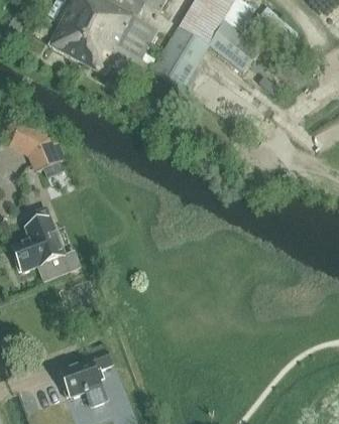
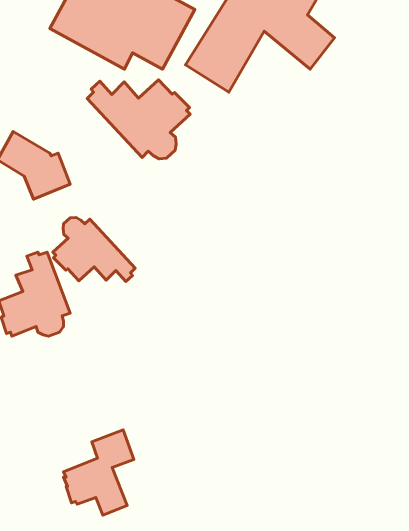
building: none -> [87,80,190,159]
building: none -> [53,217,135,282]

